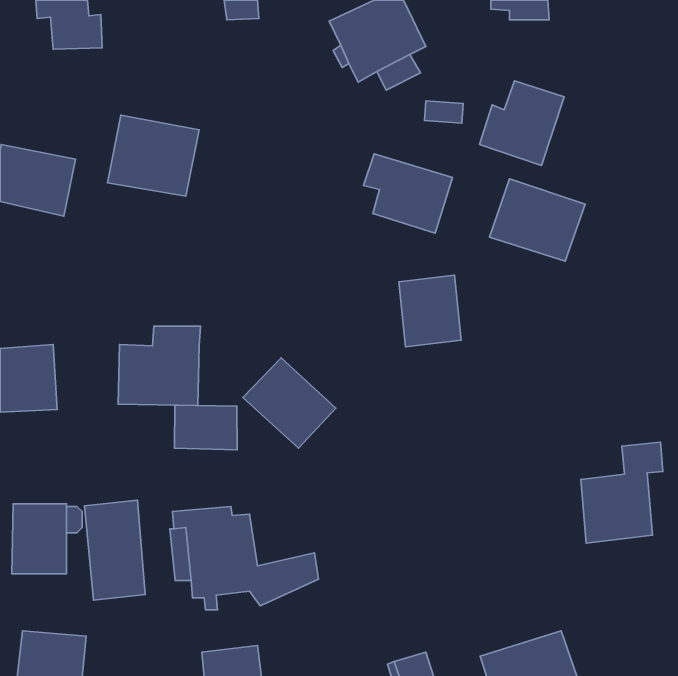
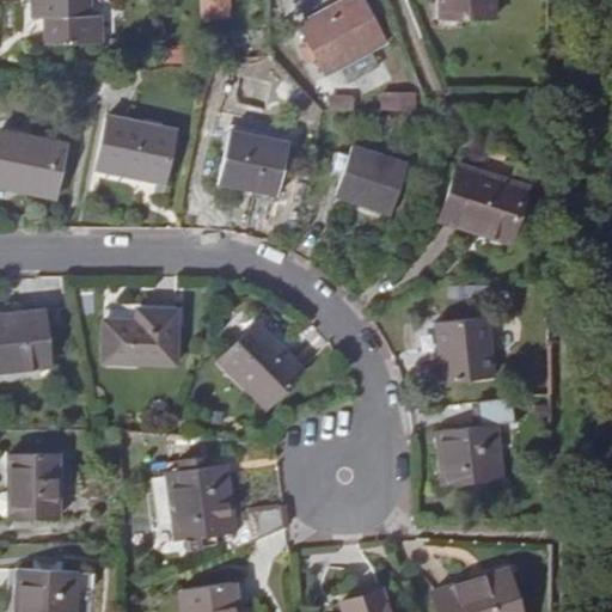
building: [479,81,564,166] -> none
building: none -> [220,129,289,194]
building: [399,275,461,347] -> [440,316,496,380]
building: [174,405,237,450] -> none
building: [581,442,663,543] -> [441,396,515,486]
building: [85,500,145,600] -> none

